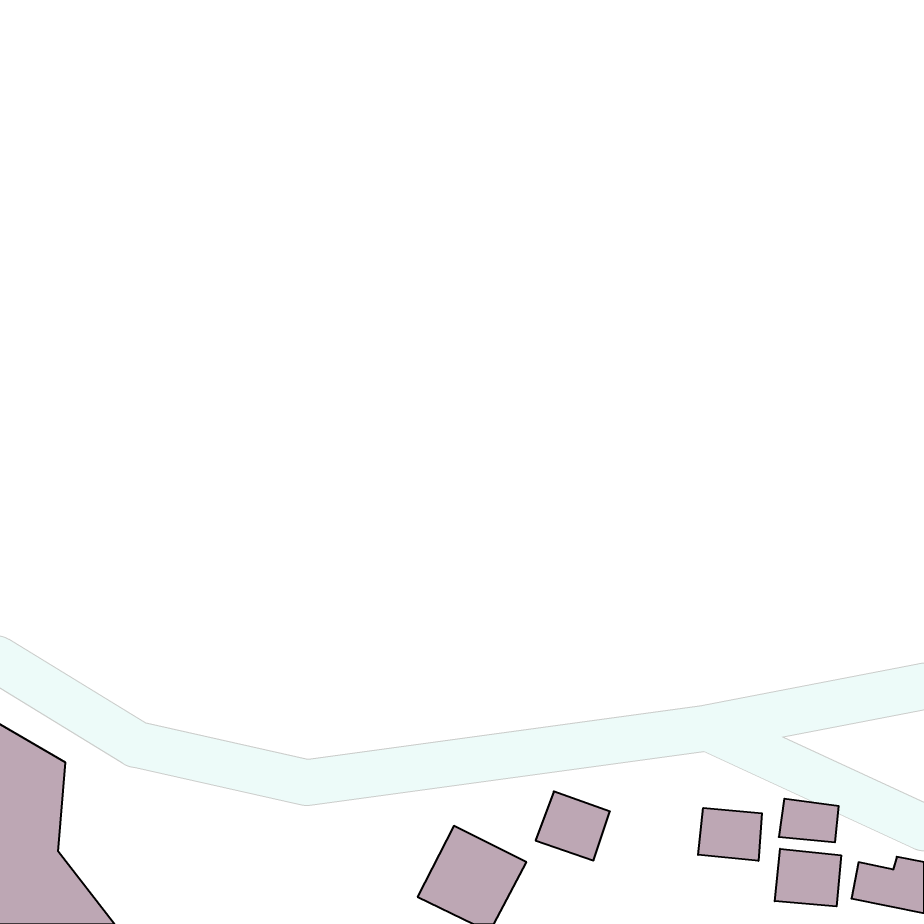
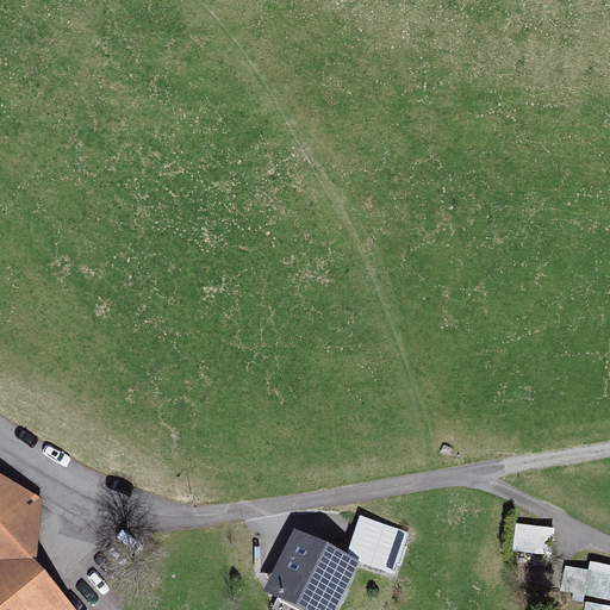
building: [698,808,762,861] -> none
building: [775,849,841,906] -> none

